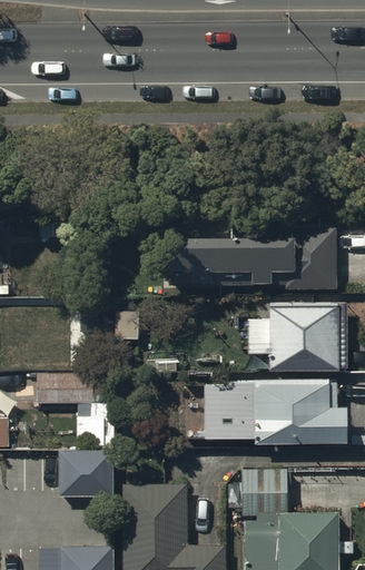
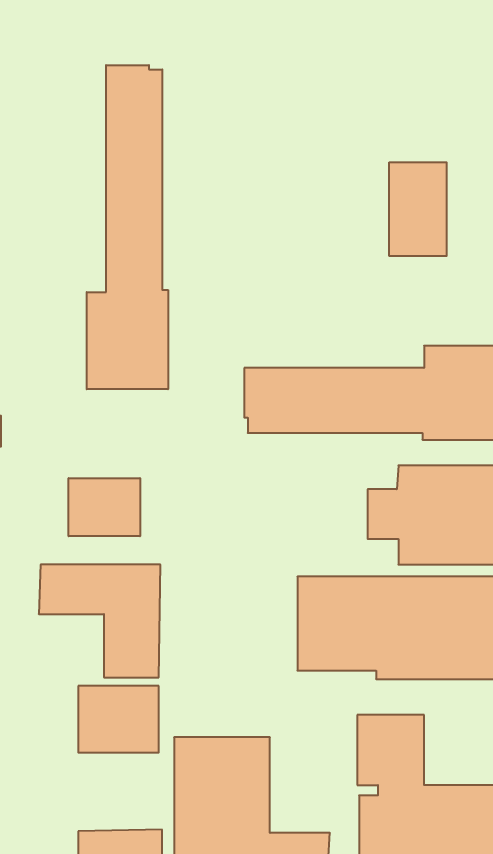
building: none -> [87,65,168,389]
building: none -> [389,162,447,256]
building: none -> [69,478,140,536]

